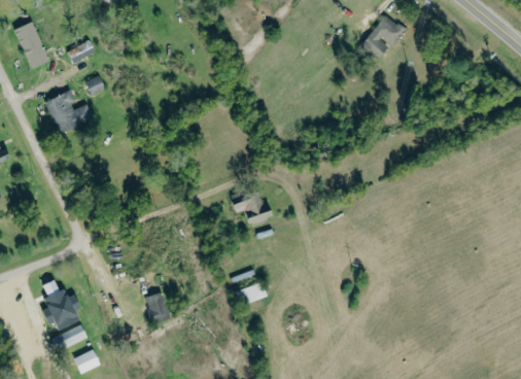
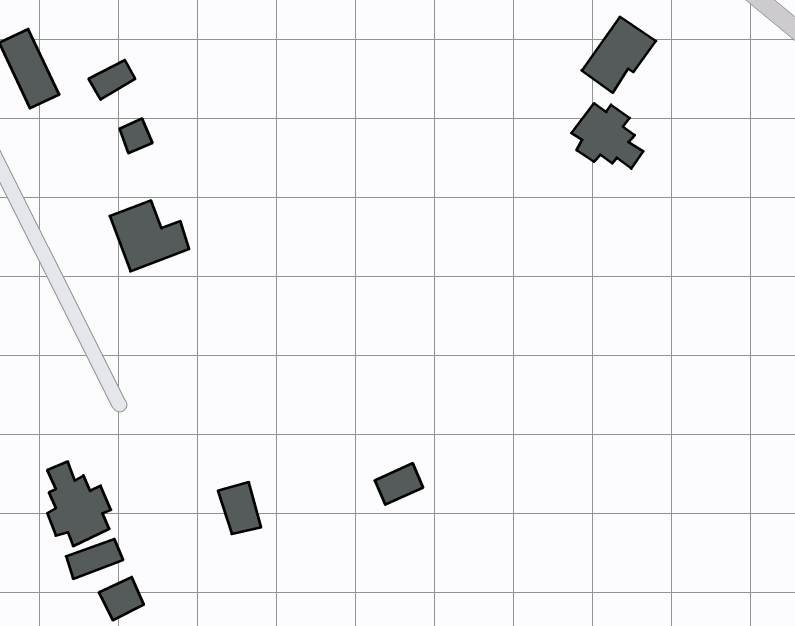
building: none -> [571,103,643,169]
building: [45,91,93,133] -> [110,201,189,271]
building: [233,195,273,222] -> none

